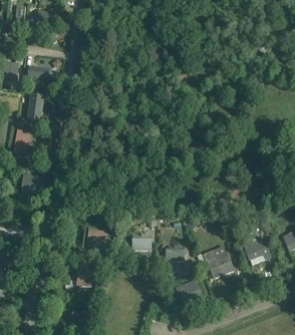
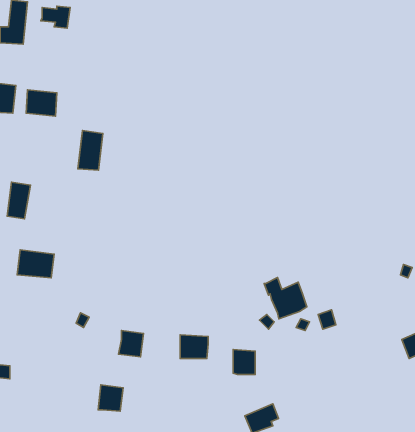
building: [27,93,44,120] -> [78,131,103,170]
building: [242,235,270,259] -> none
building: [204,250,233,278] -> [264,278,307,319]

